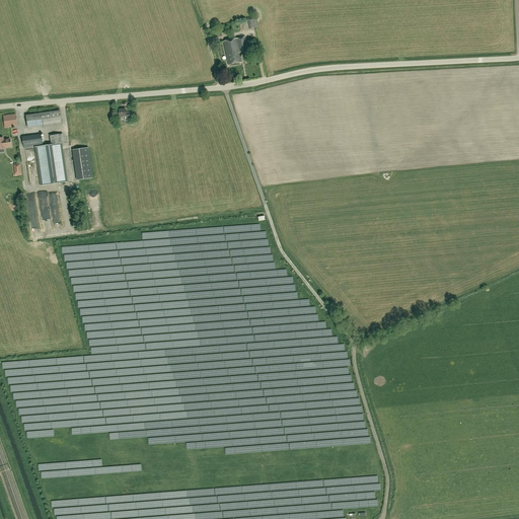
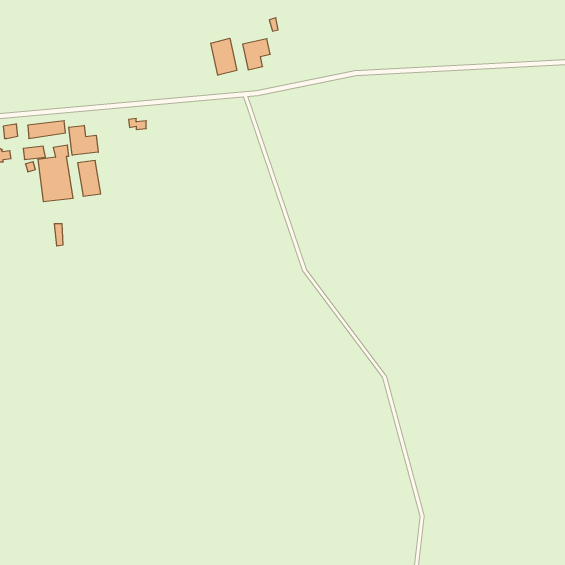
building: none -> [211,38,237,75]
building: none -> [69,125,98,155]

